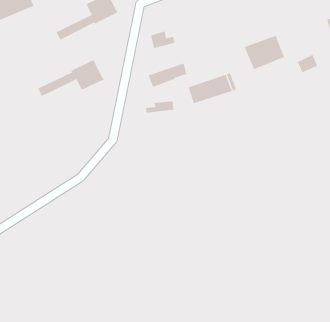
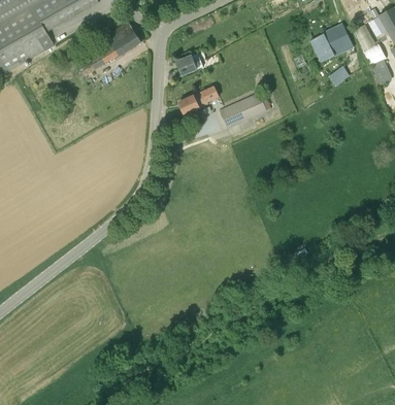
building: [244,35,285,70] -> [309,25,353,63]
building: [37,59,104,97] -> none

